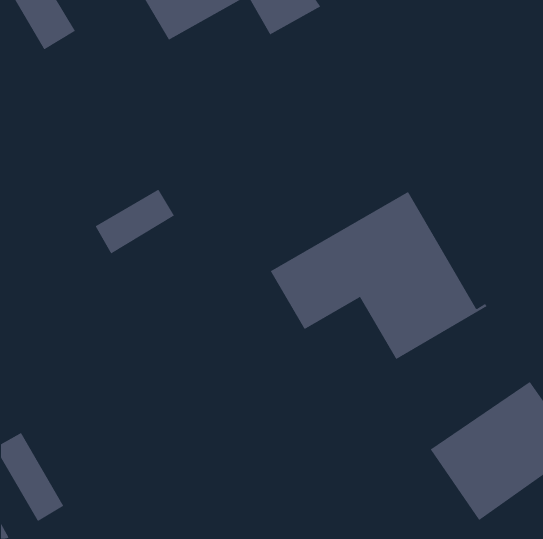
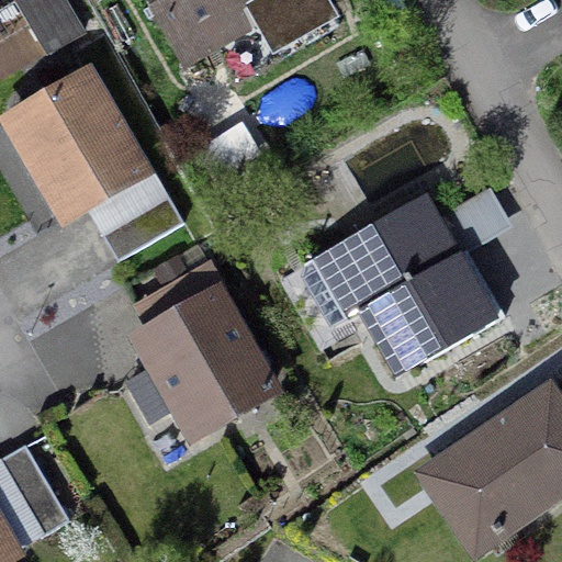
building: none -> [9,77,140,216]
building: none -> [128,294,270,435]

